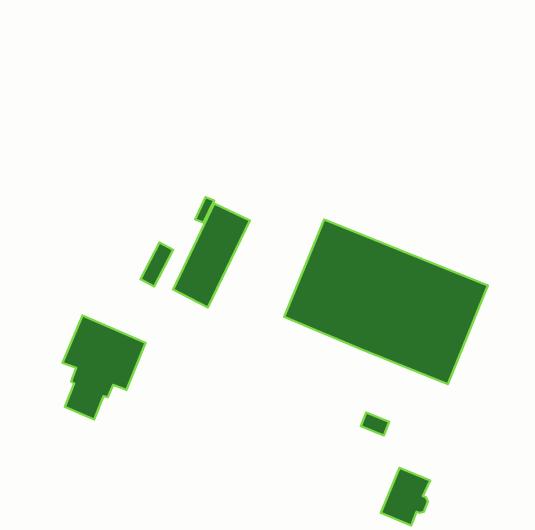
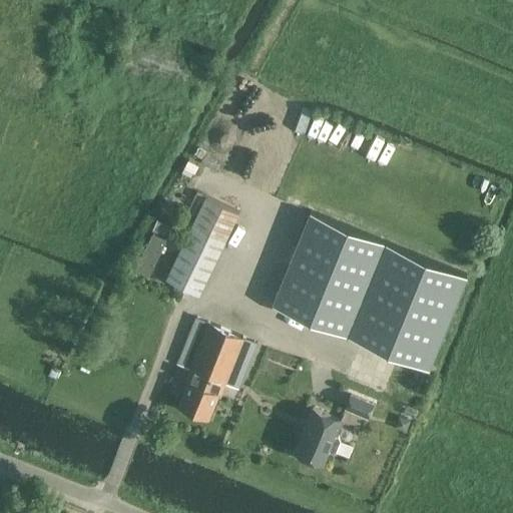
building: [63,315,146,419] -> [176,322,255,421]
building: [381,468,430,526] -> [294,414,341,469]

